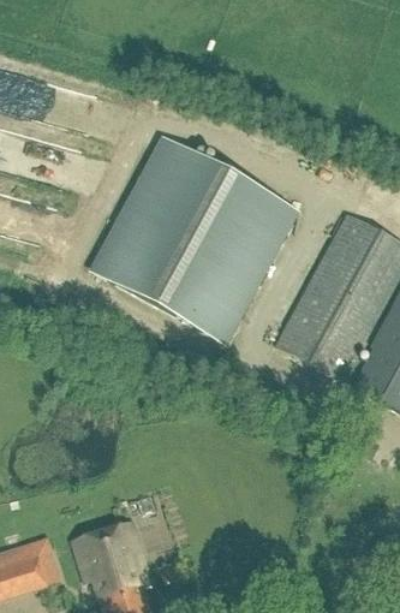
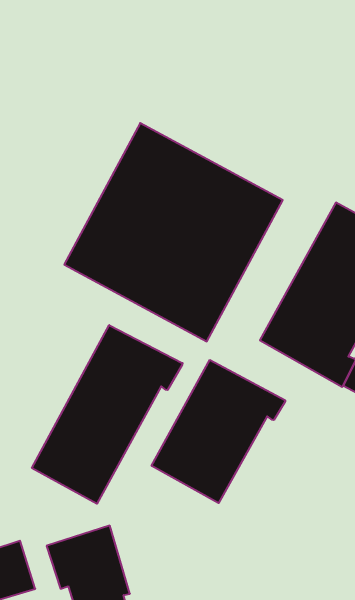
building: none -> [32,325,183,504]
building: none -> [152,360,285,503]

